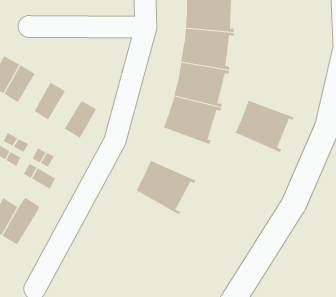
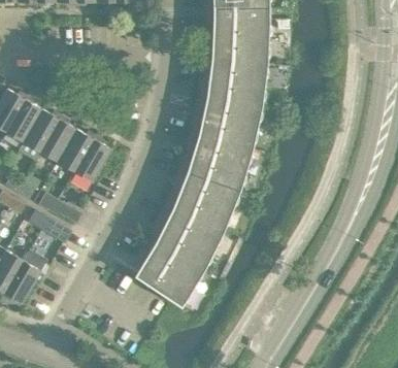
building: none -> [19,108,60,160]
building: none -> [58,128,95,170]
building: [235,100,294,153] -> [173,169,240,229]
building: none -> [135,240,205,306]

